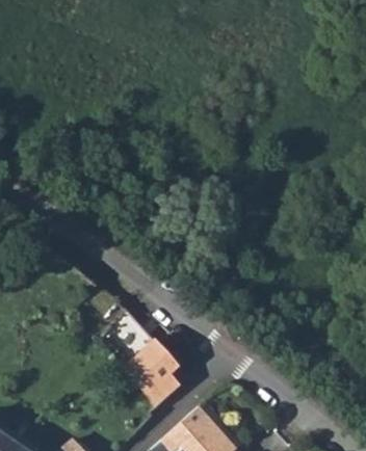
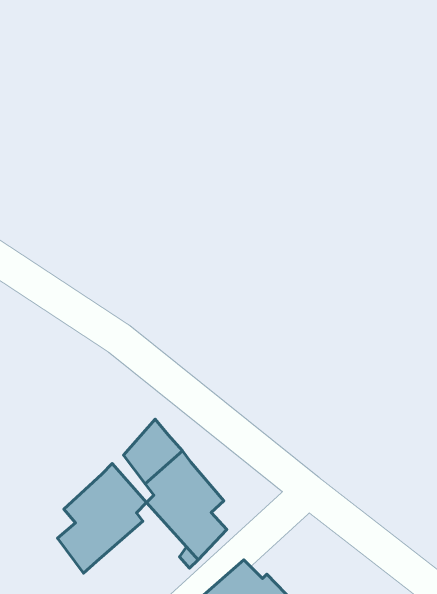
building: none -> [57,463,147,573]

